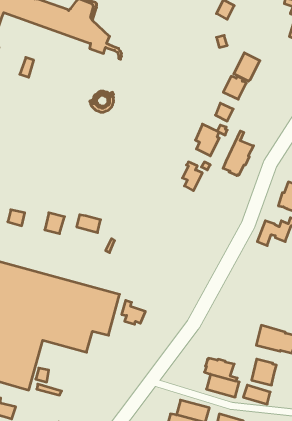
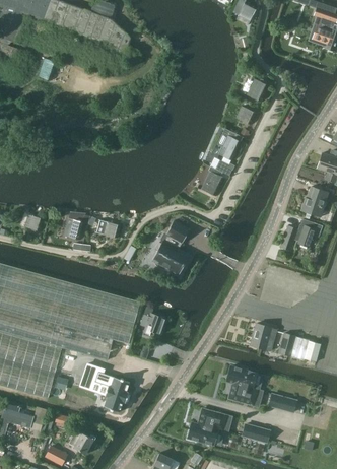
building: [234,53,260,81] -> none
building: [223,131,254,176] -> none
building: none -> [152,220,190,274]
building: none -> [82,363,130,412]
building: [252,359,276,385] -> [251,324,276,350]

